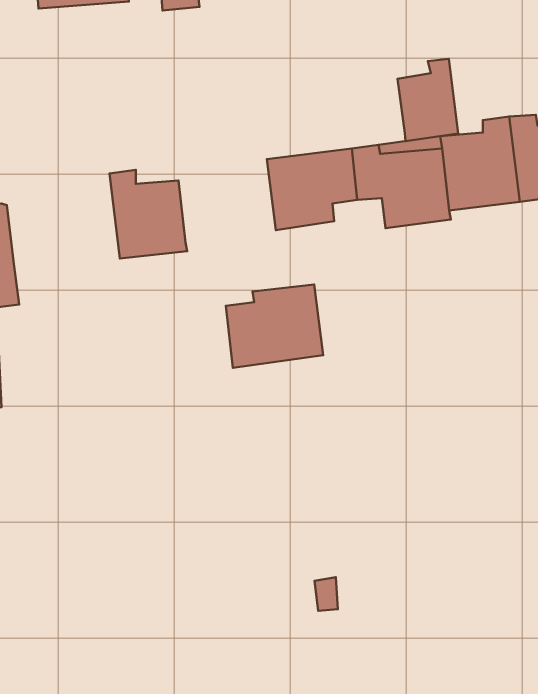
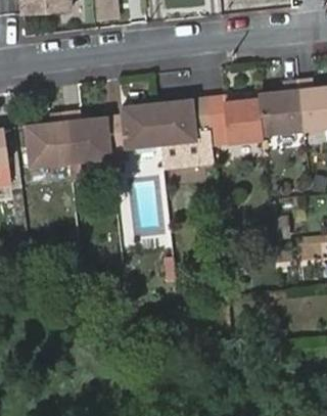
building: [398,59,458,141] -> none
building: none -> [27,113,72,168]
building: [226,284,323,368] -> [105,105,161,153]

